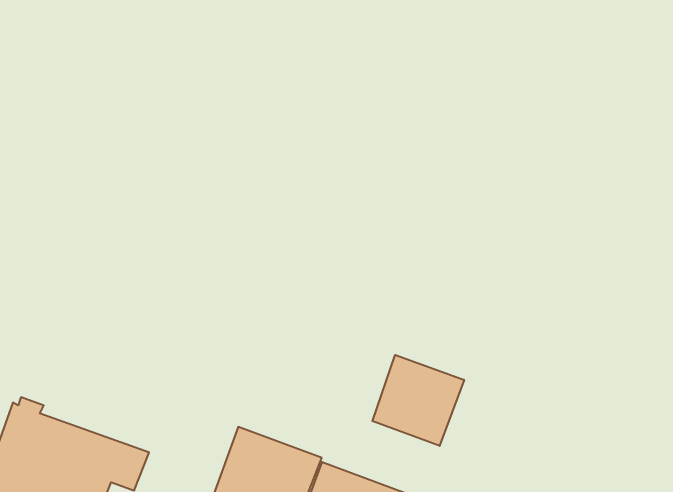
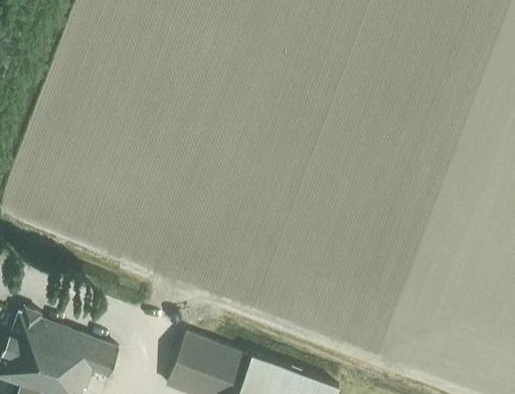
building: [372,355,464,446] -> none

